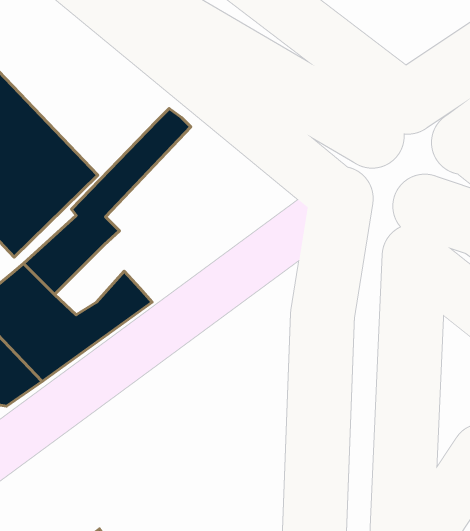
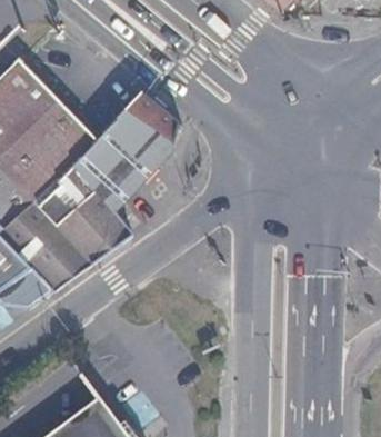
building: none -> [100,107,188,198]
building: none -> [63,191,113,241]

